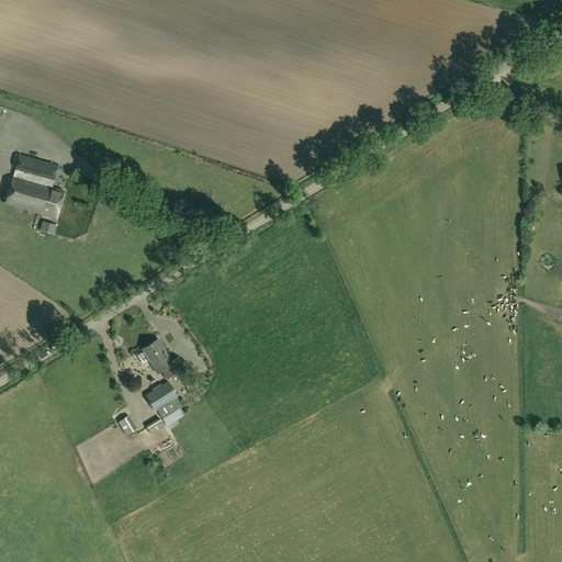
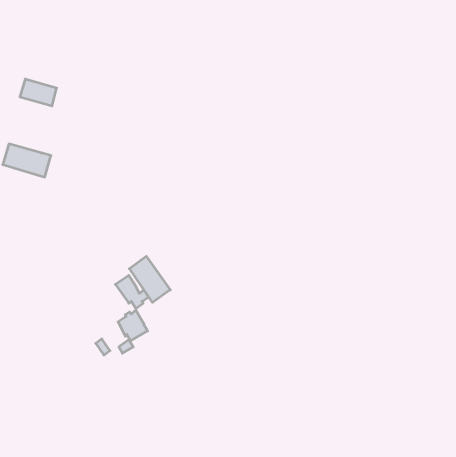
building: [11,155,56,188] -> [20,79,57,106]
building: none -> [129,256,170,302]

